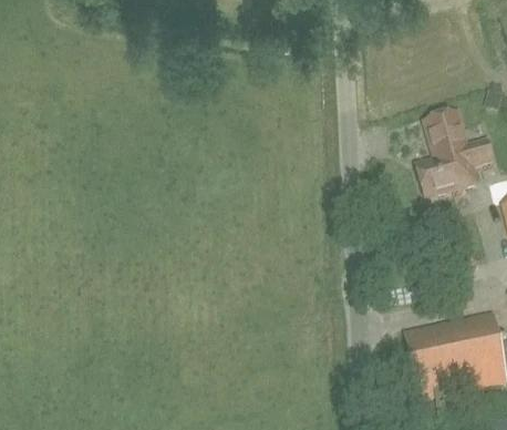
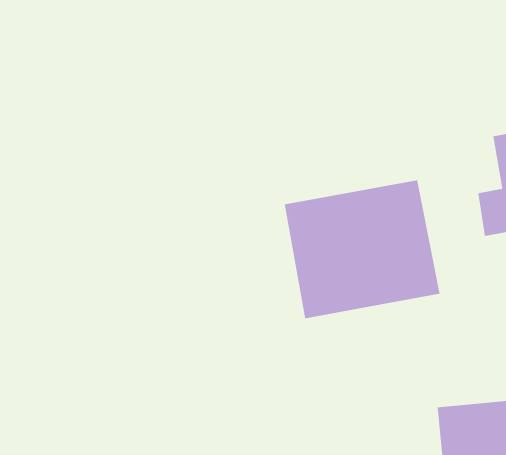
building: none -> [284,180,440,319]

